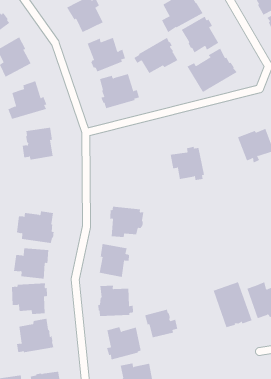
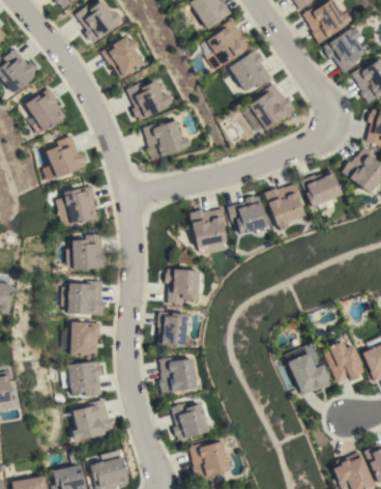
building: [133,37,178,74] -> none
building: none -> [264,182,304,230]
building: none -> [189,208,226,251]
building: none -> [66,233,107,268]
building: [145,309,178,338] -> none

